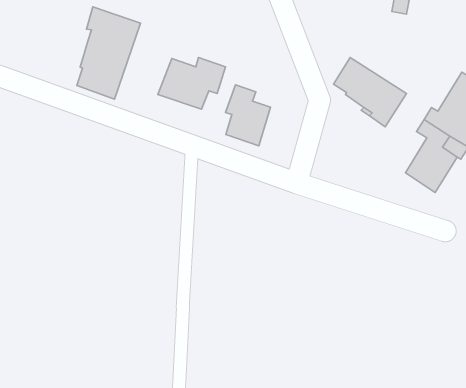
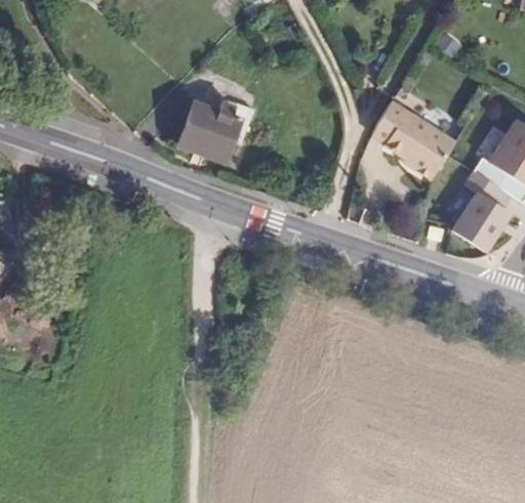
building: [77,7,140,99] -> none
building: [225,85,271,146] -> none

